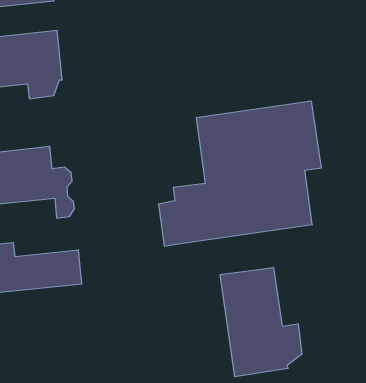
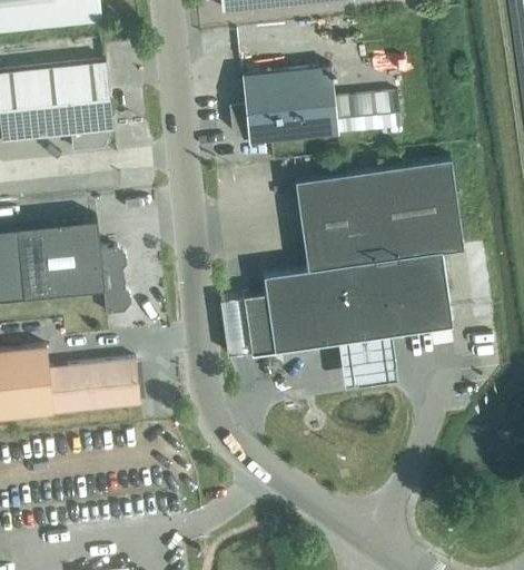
building: none -> [230,67,401,144]
building: [220,267,302,377] -> none

